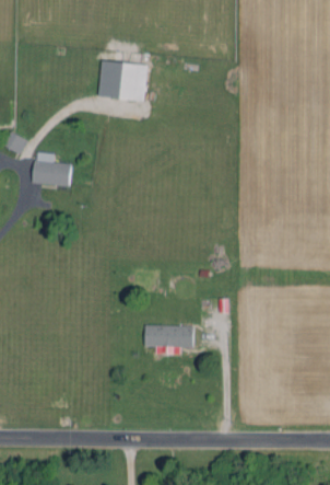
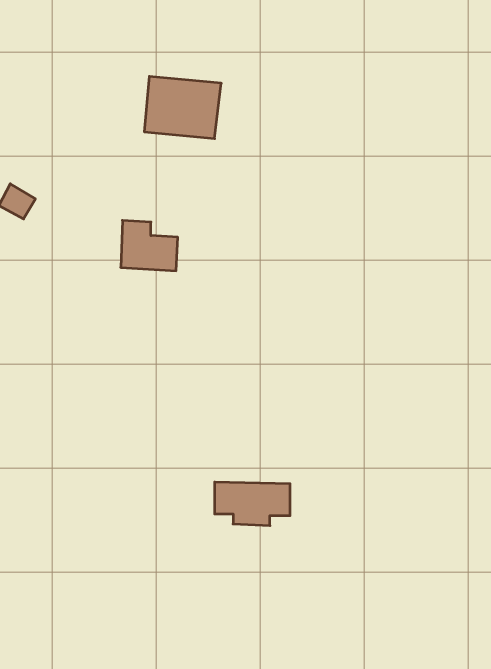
building: [34,152,71,185] -> [121,220,178,271]

